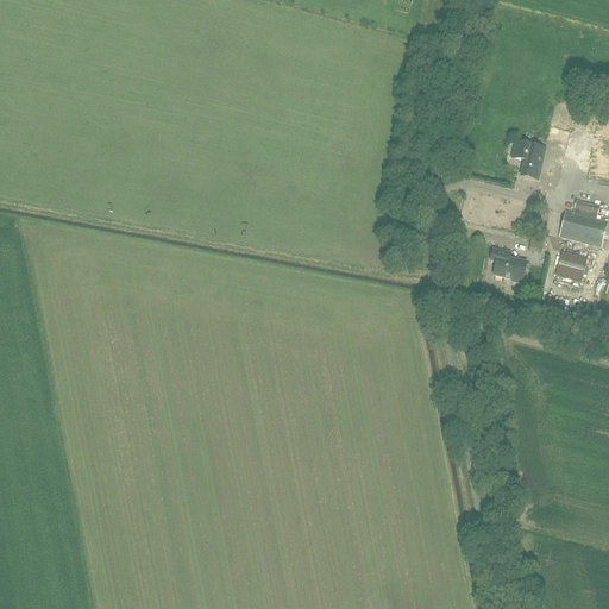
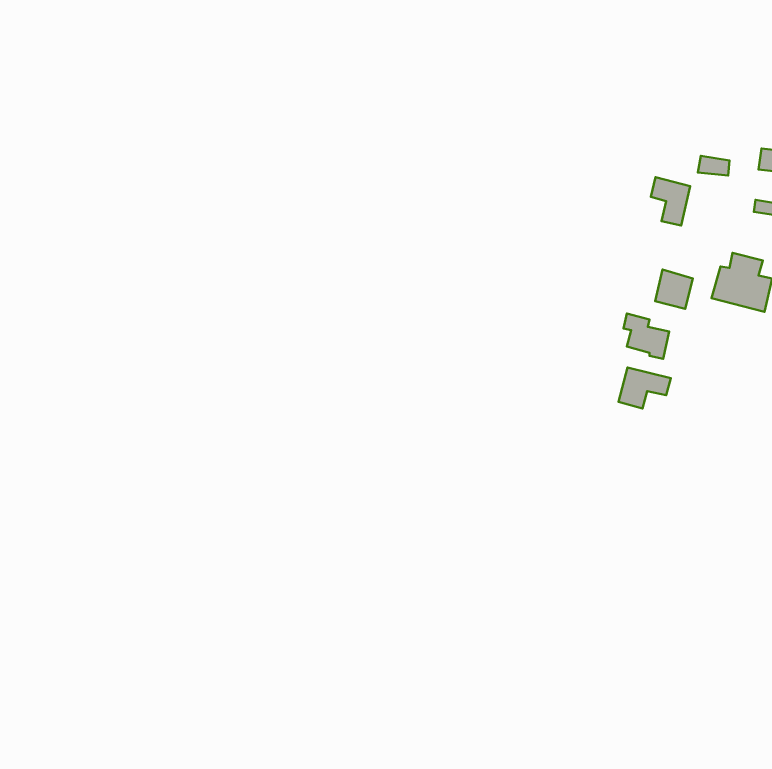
building: [558,249,588,280] -> [655,270,693,309]
building: none -> [618,367,671,408]

